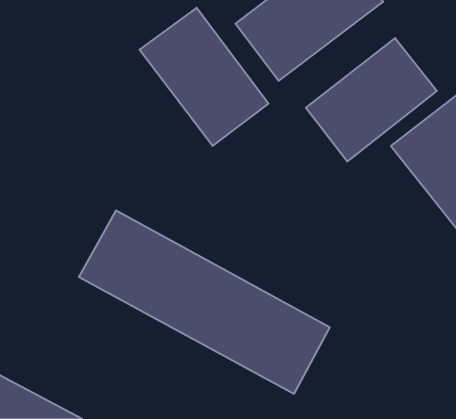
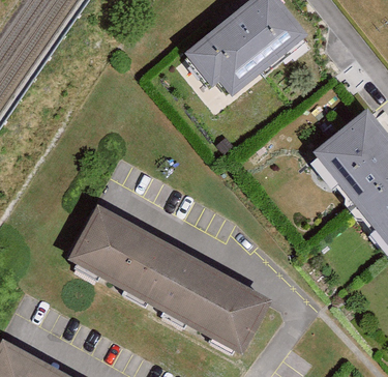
building: [140,8,268,146] -> none
building: [306,38,437,161] -> none

